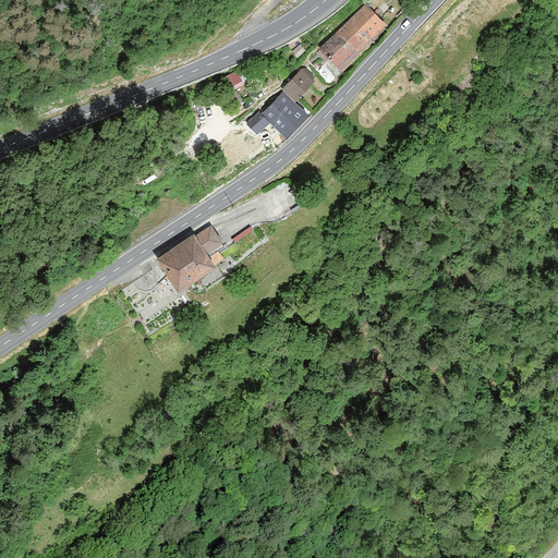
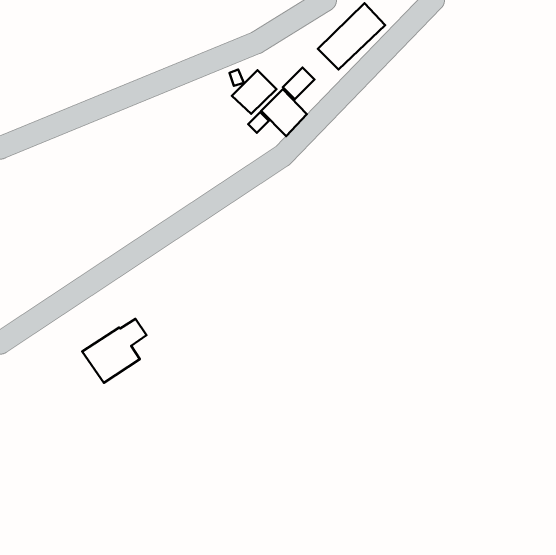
building: none -> [232,70,277,114]
building: [157,226,221,290] -> [82,319,146,383]

